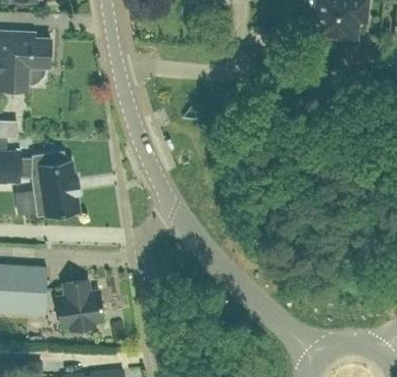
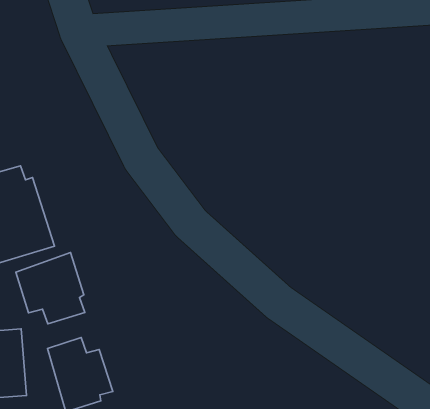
building: none -> [16,253,85,324]

